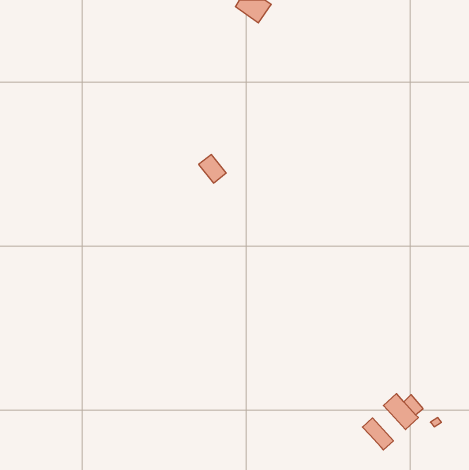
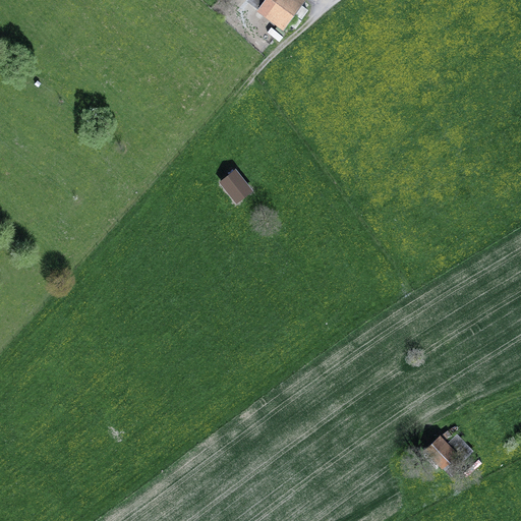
building: [362,418,393,450] -> none

